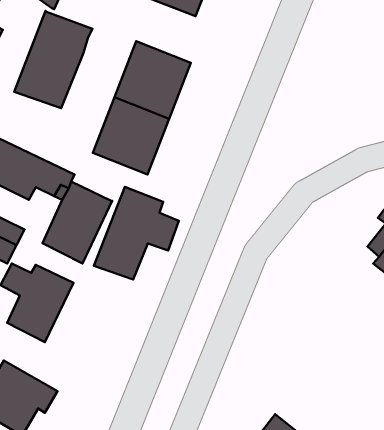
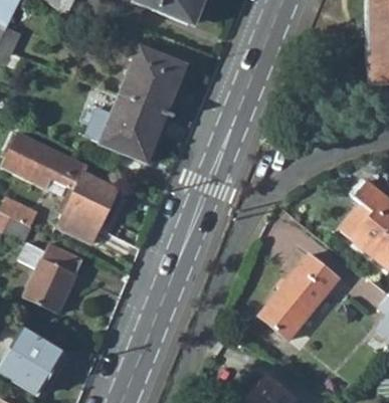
building: [14,11,92,108] -> none
building: [94,187,179,280] -> none
building: none -> [258,253,337,339]

